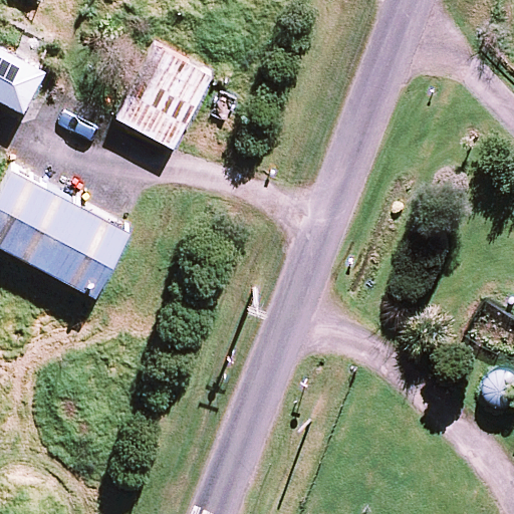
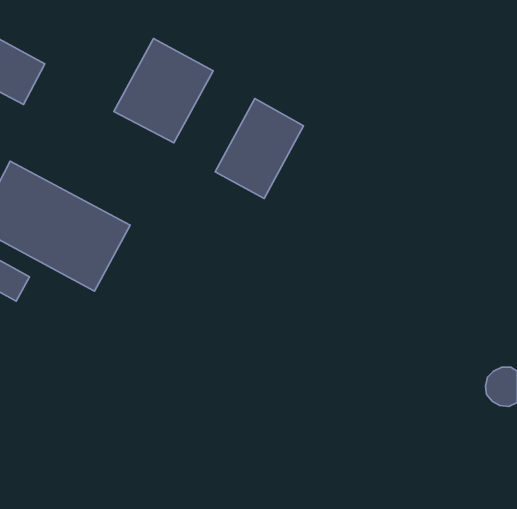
building: none -> [215,98,303,199]

